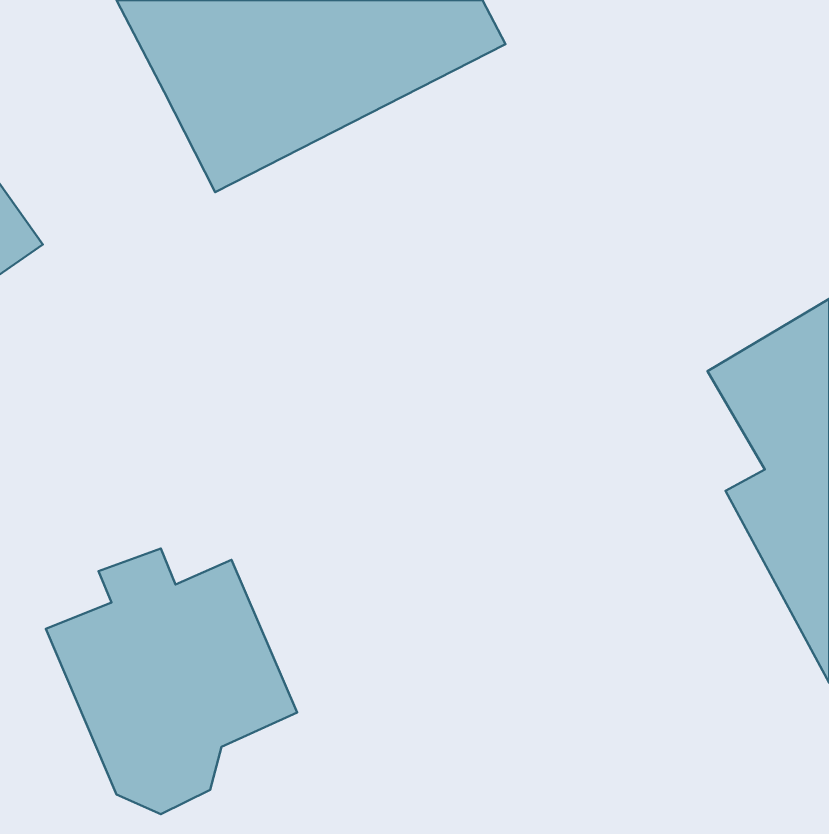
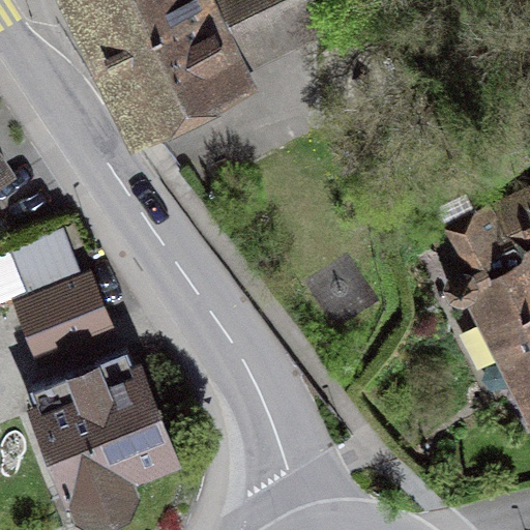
building: none -> [6,231,110,354]

